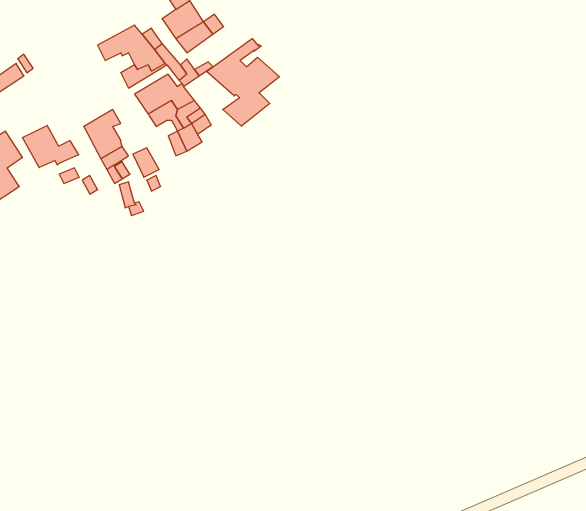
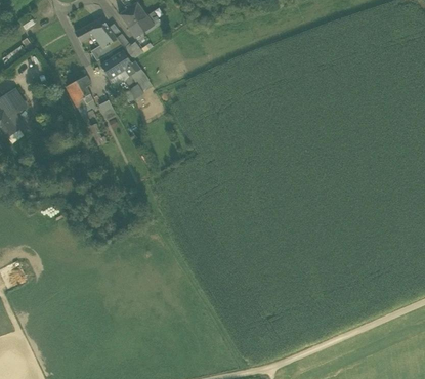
building: [206,39,279,126] -> none
building: [23,125,79,168] -> none

